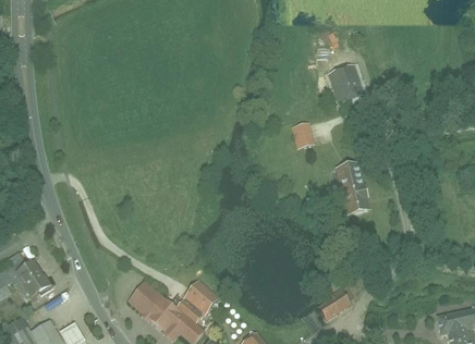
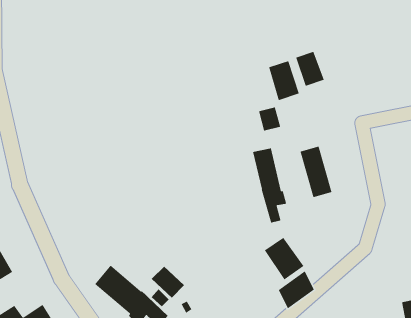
building: none -> [268,60,300,101]
building: none -> [252,147,287,224]
building: none -> [264,237,305,281]

